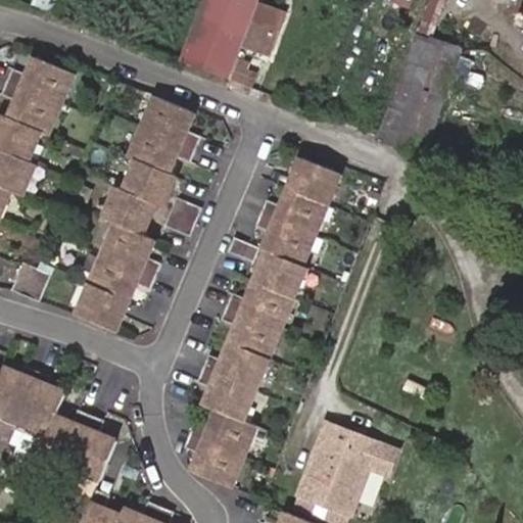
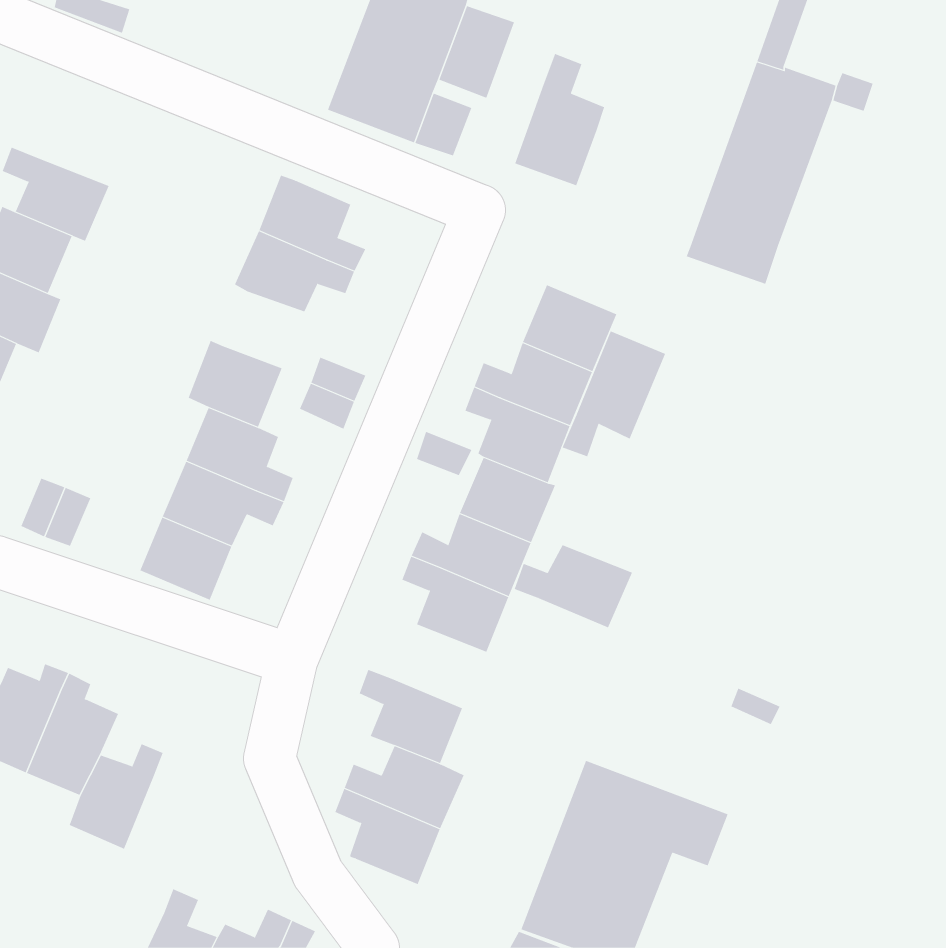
building: none -> [515,53,605,186]
building: [6,56,73,102] -> none
building: [123,160,175,206] -> none
building: none -> [562,330,666,457]
building: [202,343,268,389] -> [514,544,633,628]
building: [68,414,115,479] -> none

